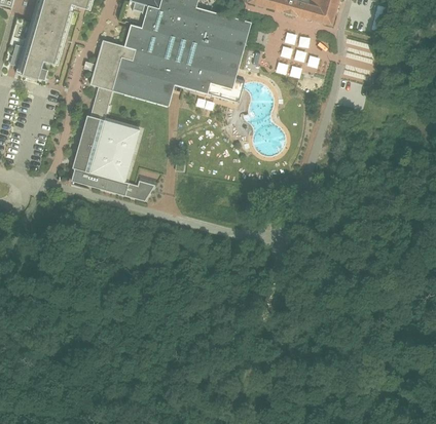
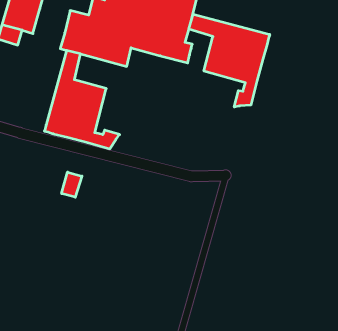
building: none -> [189,14,270,107]
building: none -> [62,172,82,197]

